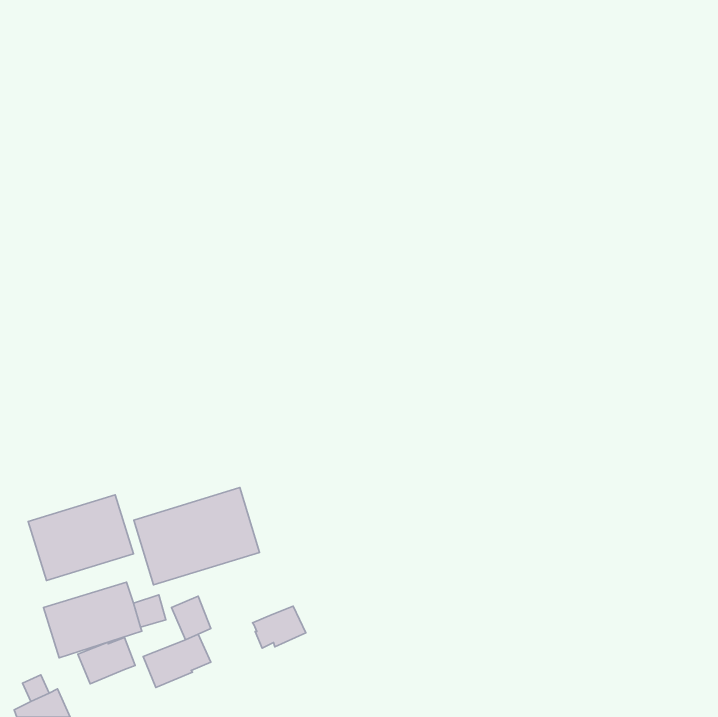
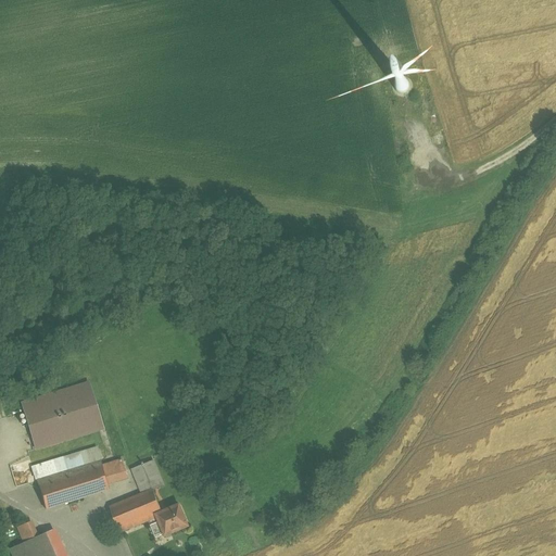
building: [134,488,260,585] -> none
building: [252,606,306,648] -> [148,505,189,538]
building: [78,638,135,684] -> none

